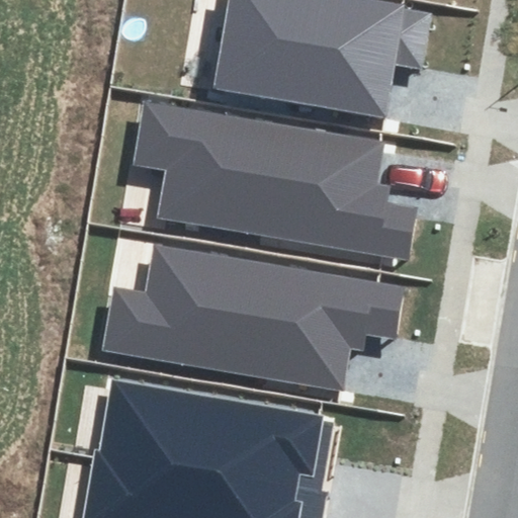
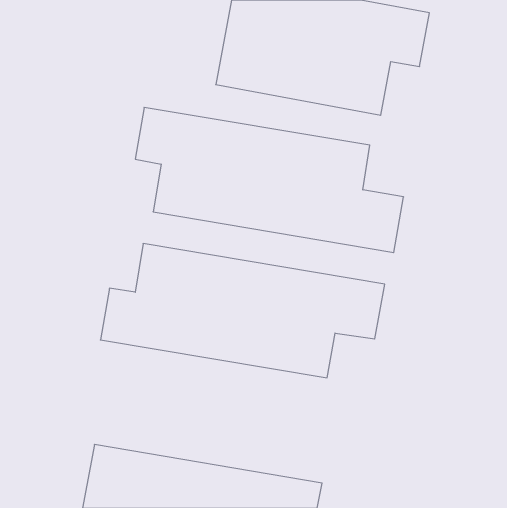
building: [97,375,342,492] -> none

